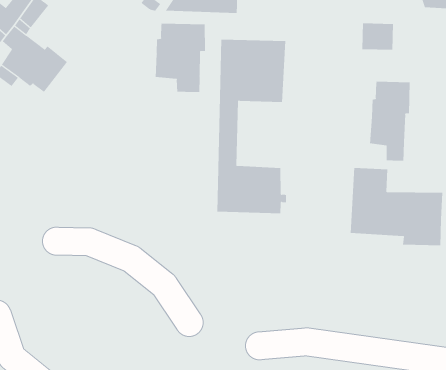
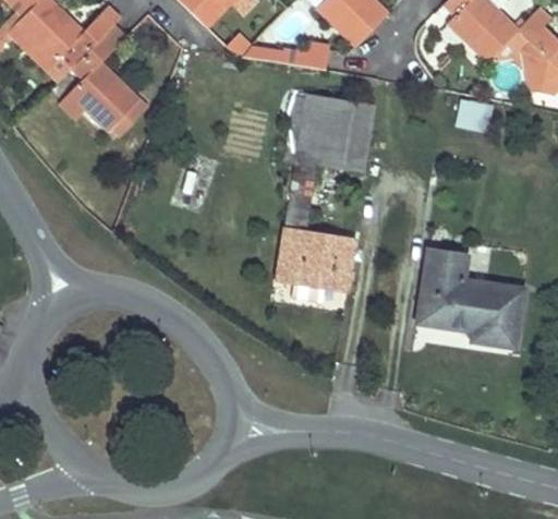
building: [155,23,205,93] -> none
building: [370,81,410,161] -> none

